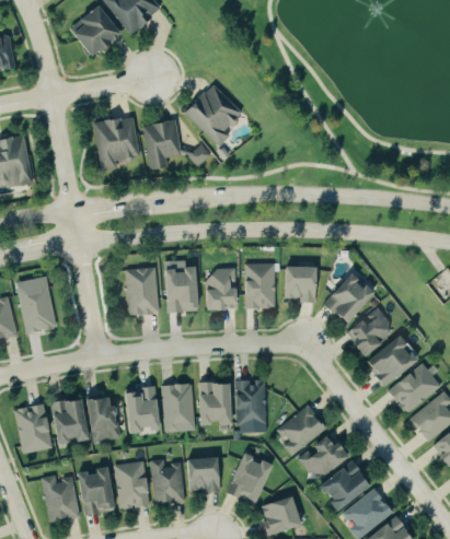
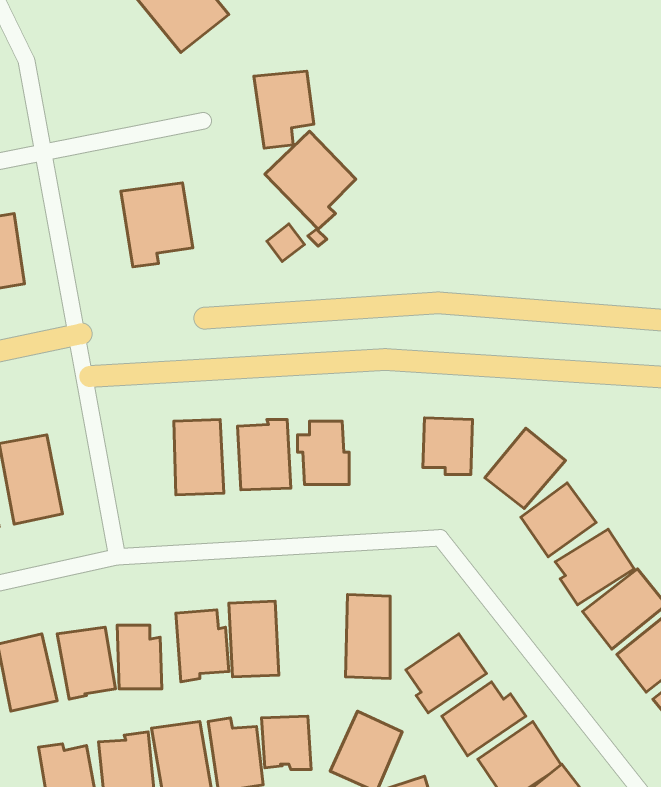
building: [71,5,124,58] -> none
building: [141,121,180,171] -> [254,71,314,148]
building: [244,263,274,308] -> none
building: [199,384,233,426] -> none

